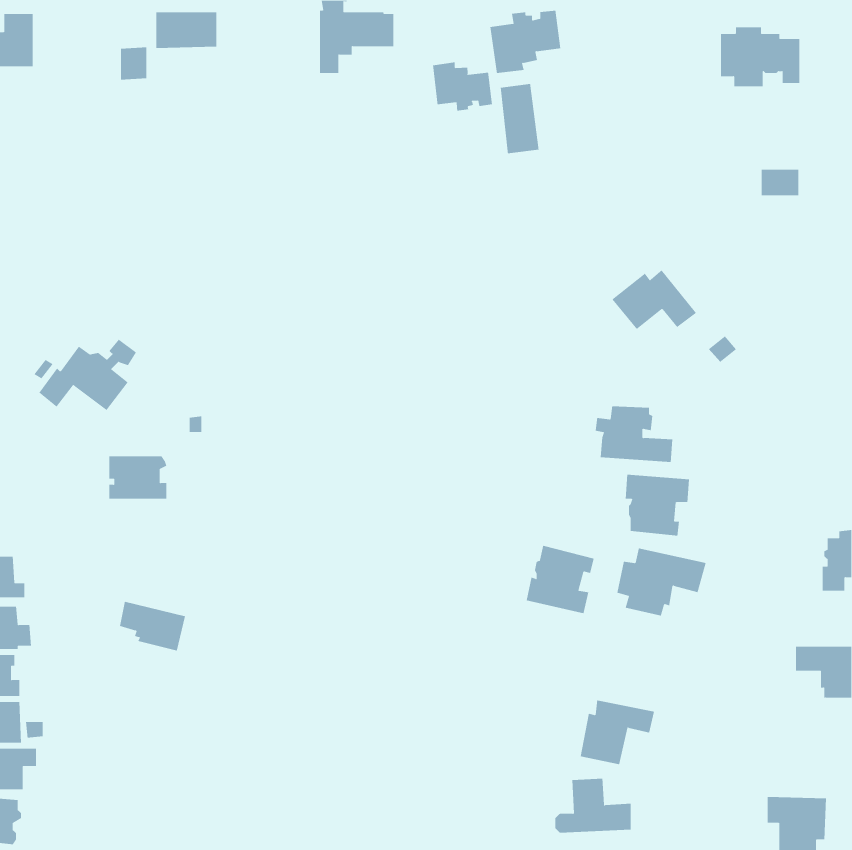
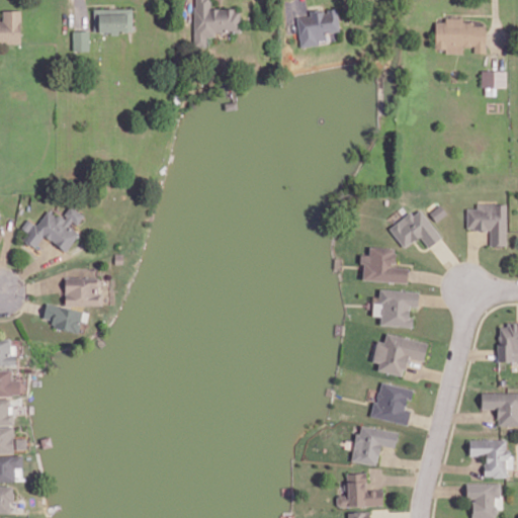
building: [432,61,493,112] -> none
building: [500,83,539,154] -> none
building: [761,169,799,196] -> [482,71,505,87]
building: [612,270,697,330] -> [390,210,441,247]
building: none -> [466,204,505,245]
building: [526,545,594,614] -> [371,382,413,424]
building: [119,601,186,651] -> [42,303,83,333]
building: none -> [468,440,510,478]

